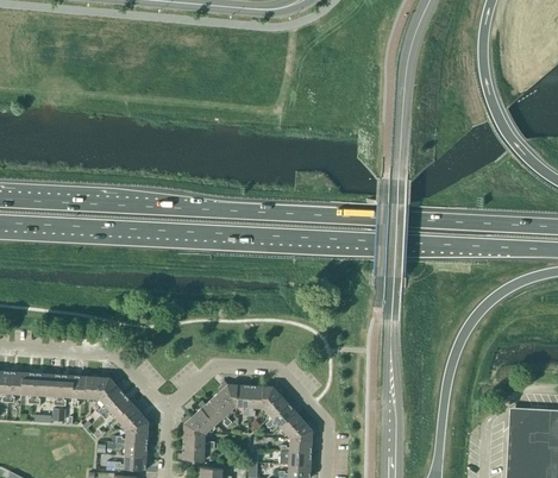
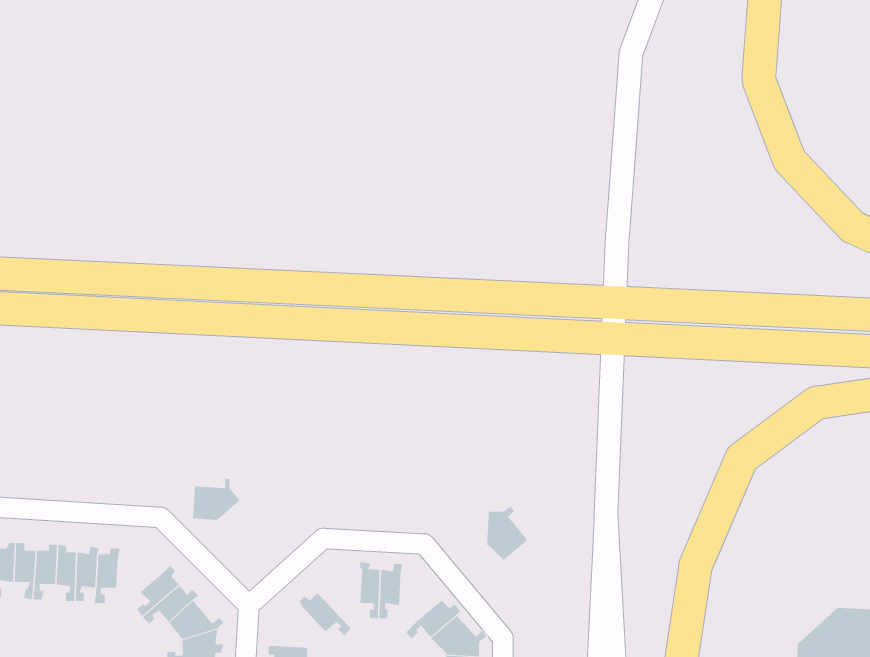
building: [86,373,117,401] -> [192,478,242,522]
building: [211,382,238,416] -> none
building: [262,384,288,419] -> [486,505,528,561]
building: [181,410,215,435] -> none

